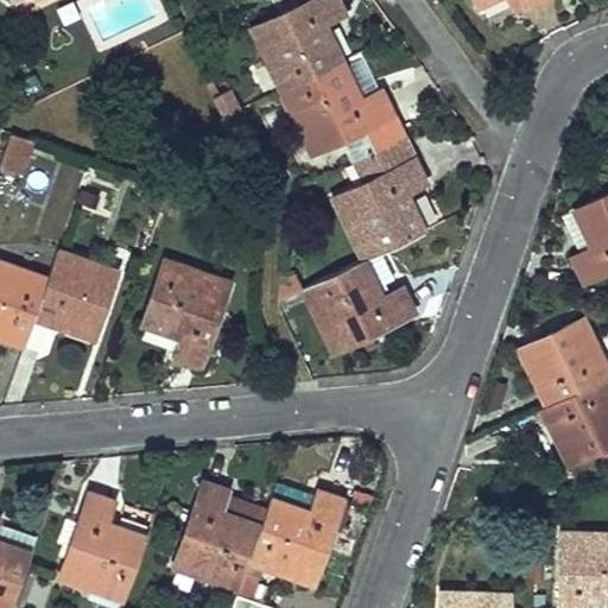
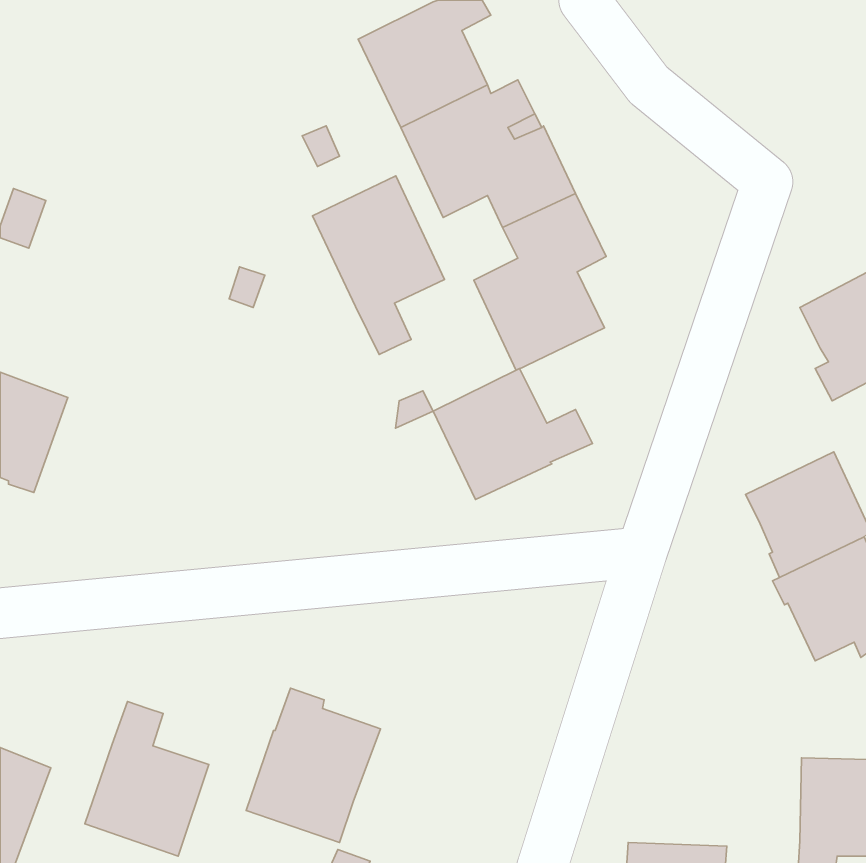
building: none -> [312,176,445,354]
building: [25,253,116,354] -> none
building: [142,260,230,369] -> none
building: [248,484,343,587] -> none

